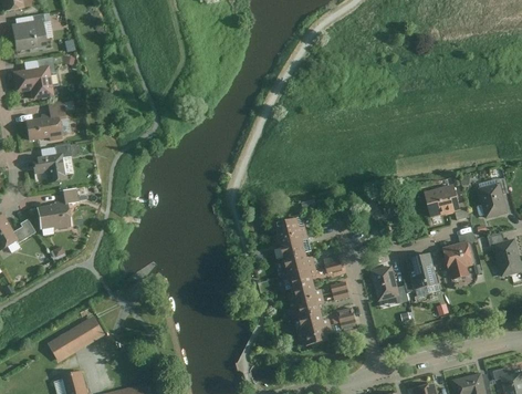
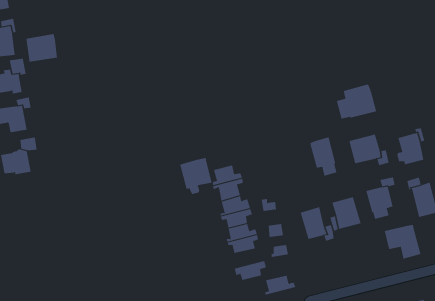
building: none -> [26,33,58,63]
building: none -> [336,84,377,119]
building: none -> [310,136,337,176]
building: none -> [180,157,212,195]
building: none -> [384,224,421,260]
building: [294,311,330,333] -> [264,275,296,295]
building: [46,315,106,364] -> none

